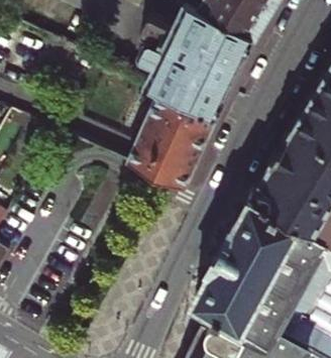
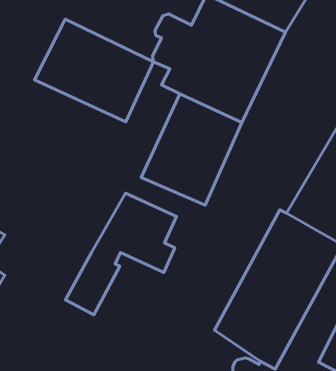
building: none -> [35,19,154,122]
building: none -> [65,193,176,315]

